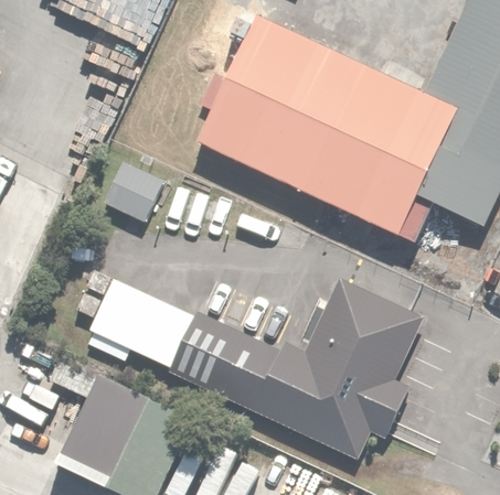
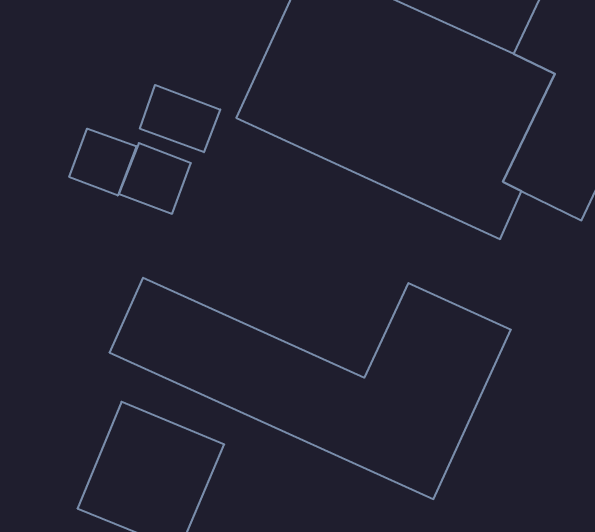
building: none -> [140,85,220,152]
building: none -> [69,129,136,196]

